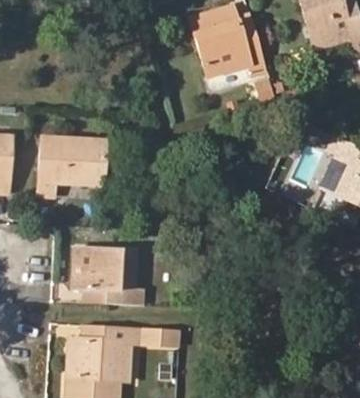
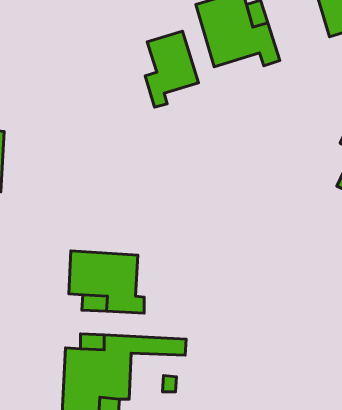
building: none -> [145,31,199,107]
building: [38,137,105,195] -> none

